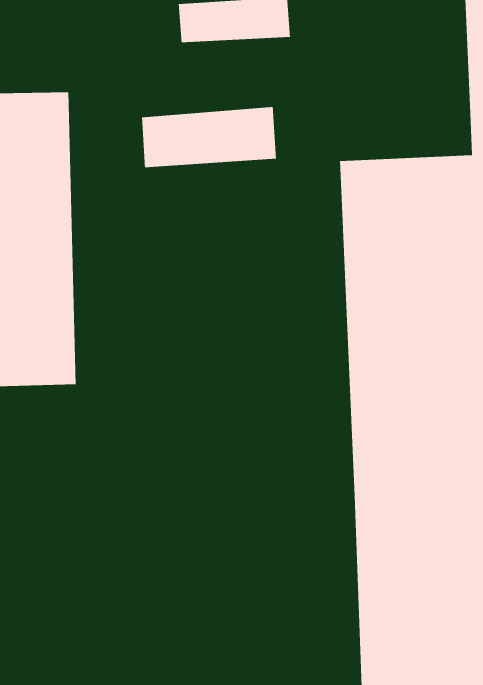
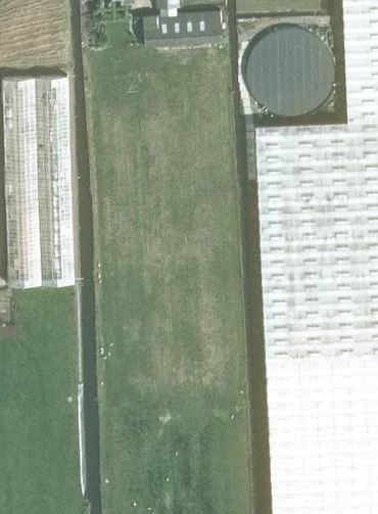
building: none -> [243,26,336,118]
building: [141,106,277,168] -> none

